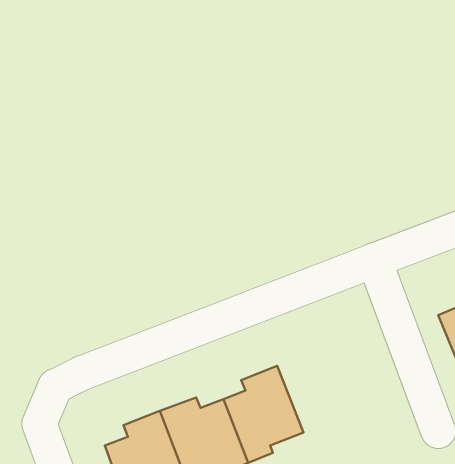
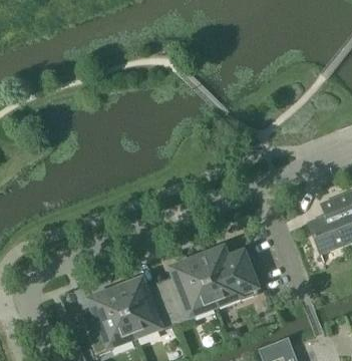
building: none -> [198,248,260,304]

